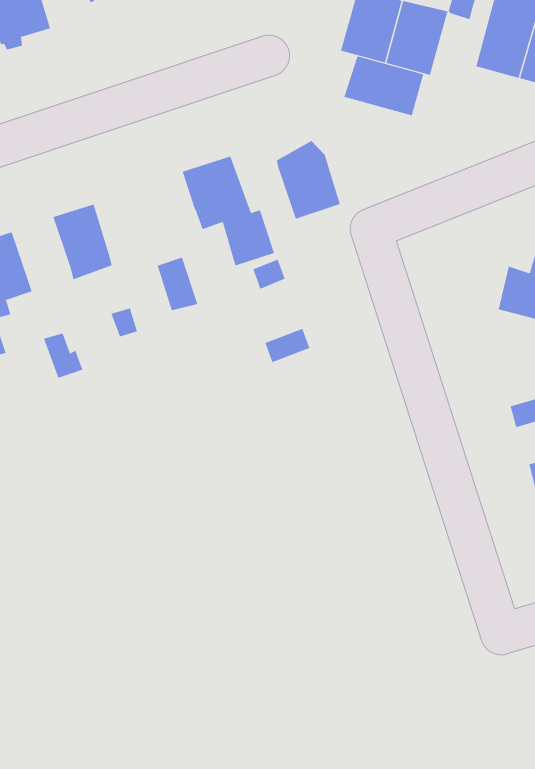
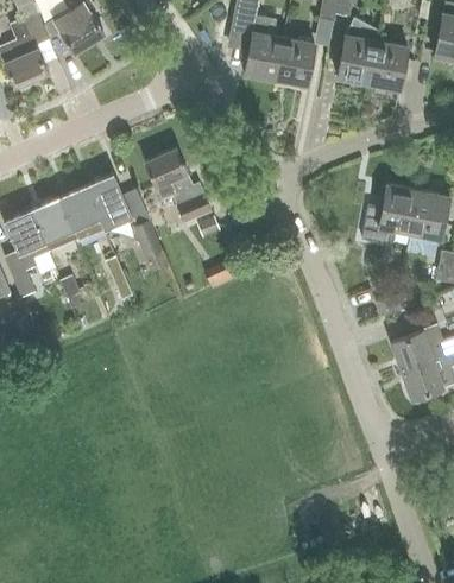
building: [344,55,424,116] -> none
building: [276,140,341,219] -> none
building: none -> [88,178,133,230]
building: none -> [34,201,77,252]

